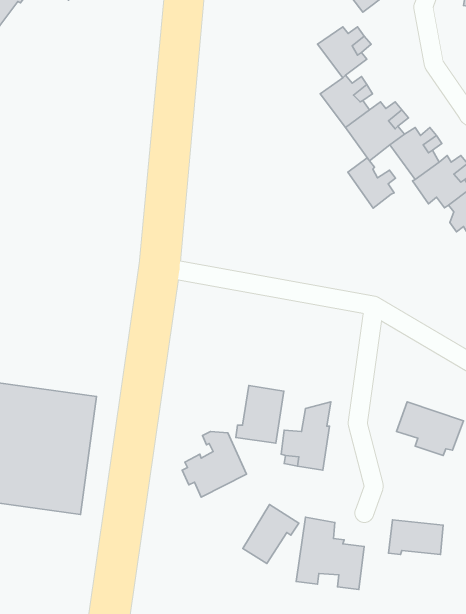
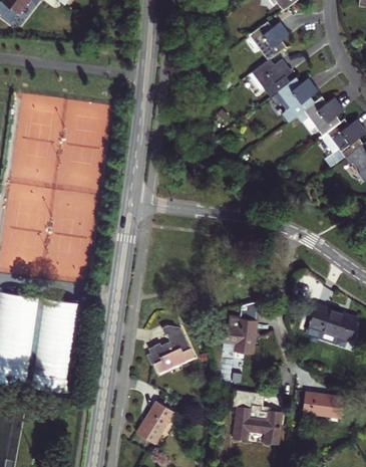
building: [348,158,396,208] -> none
building: [236,385,284,443] -> none
building: [243,504,299,563] -> [136,403,178,447]

